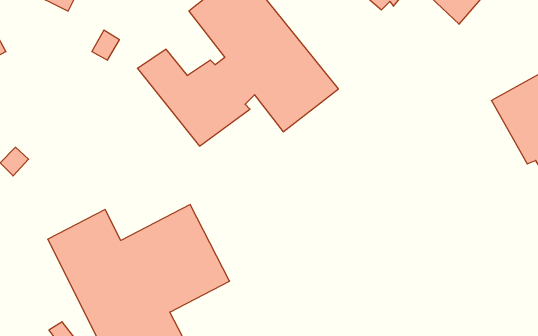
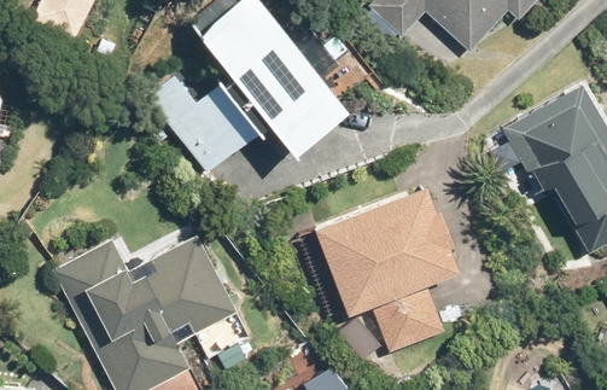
building: none -> [314,184,461,351]

